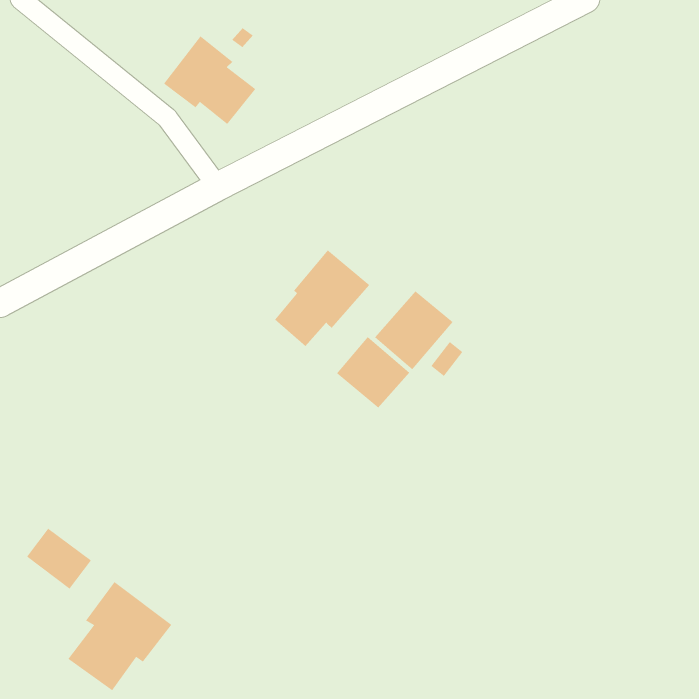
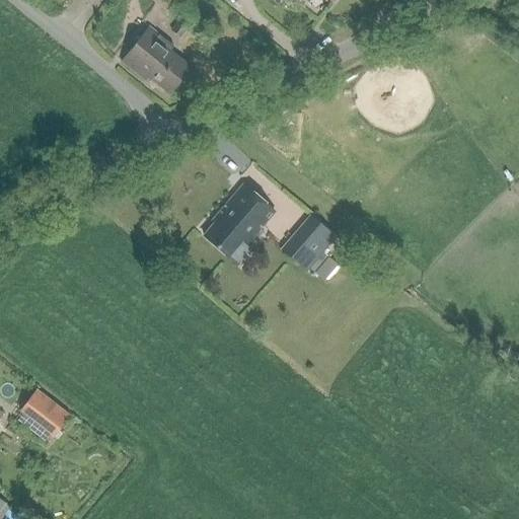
building: [336,336,410,408] -> none
building: [68,581,172,691] -> none

